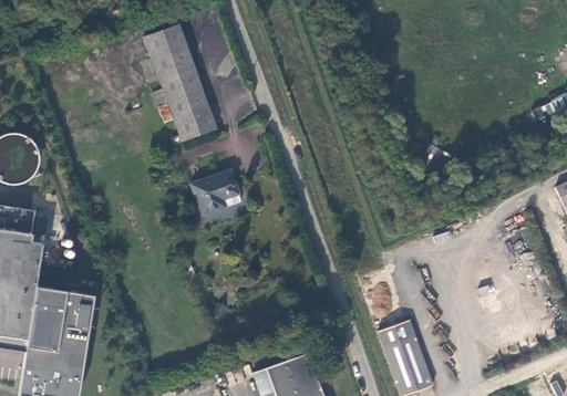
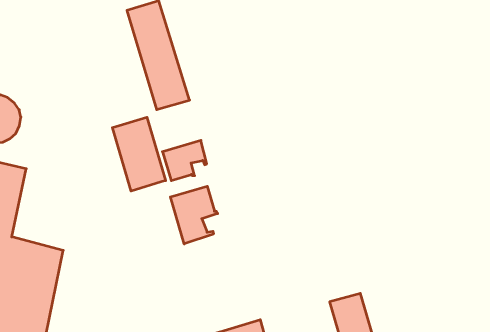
building: none -> [112,117,166,191]
building: none -> [170,186,218,244]

